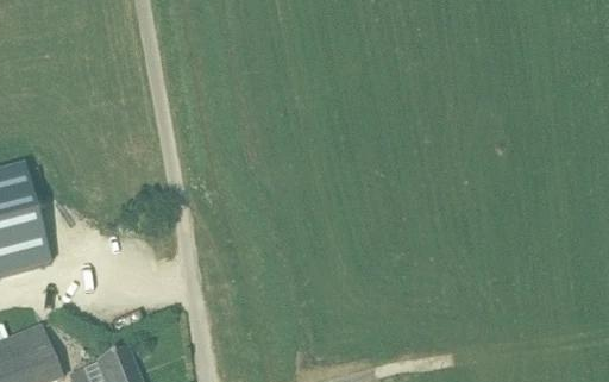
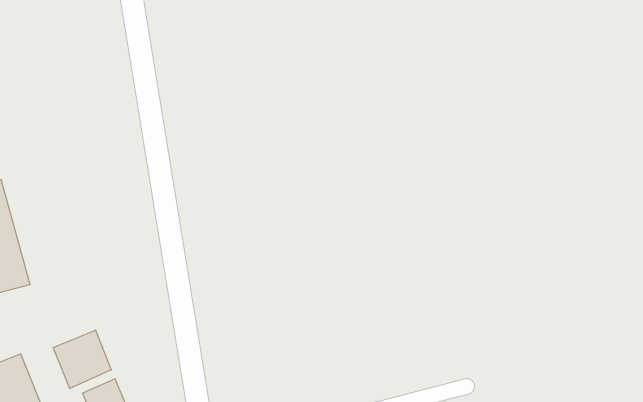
building: none -> [53,330,111,389]

